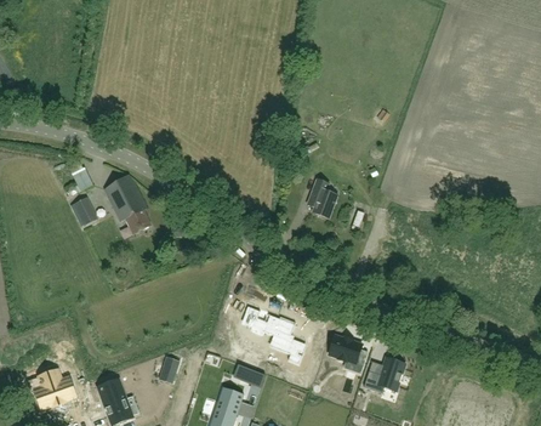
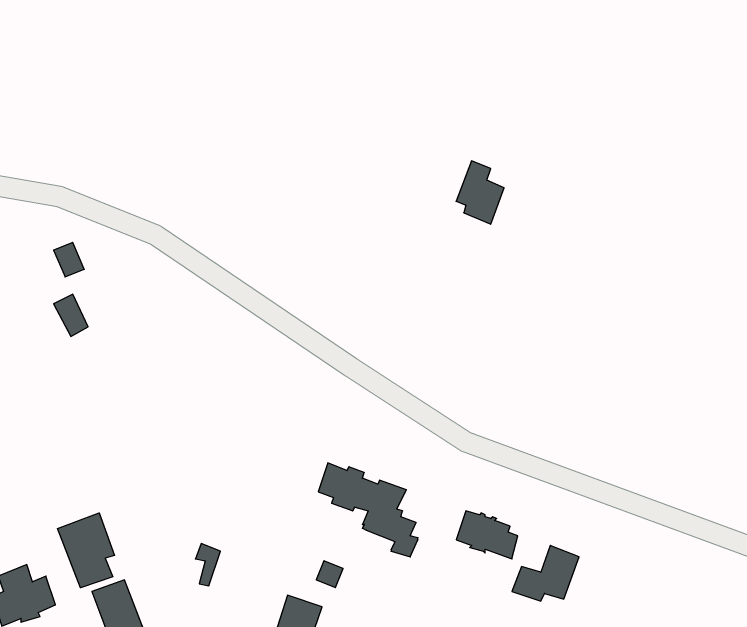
building: [103,175,150,232] -> none
building: [307,177,337,217] -> [456,161,504,224]
building: none -> [57,513,114,588]

